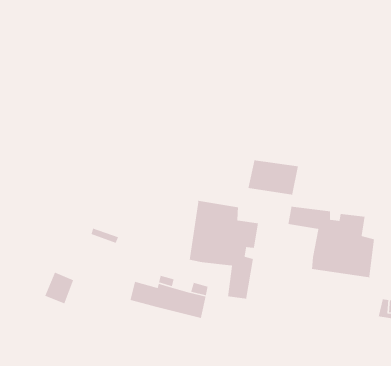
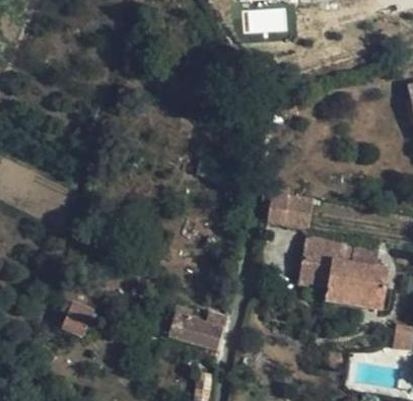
building: [189,200,259,299] -> none
building: none -> [298,257,332,289]

